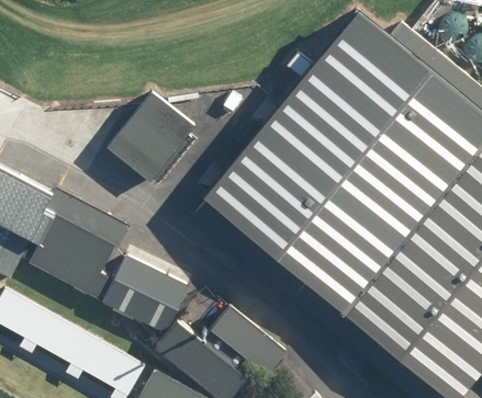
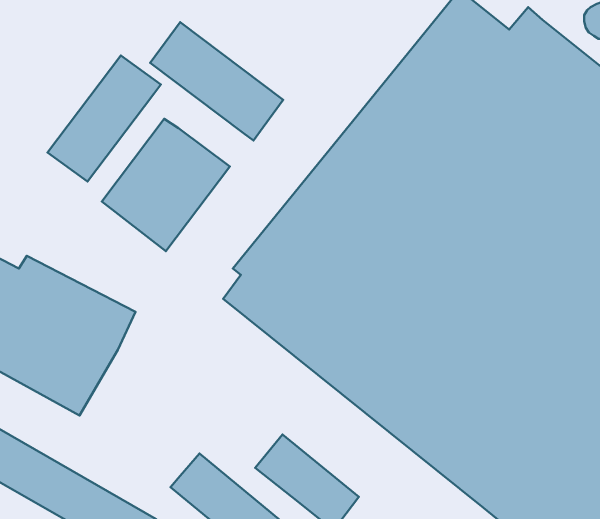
building: none -> [150,22,283,141]
building: none -> [47,55,161,182]
building: [104,257,187,332] -> none

